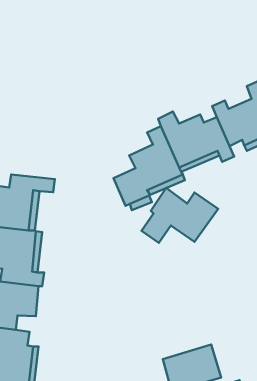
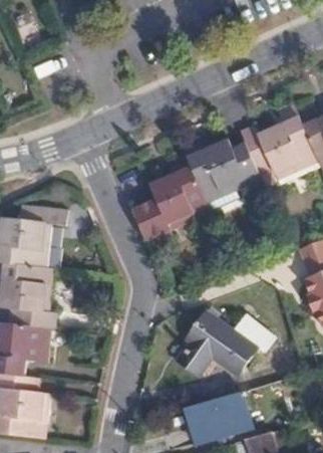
building: [142,188,218,243] -> [175,312,259,373]

